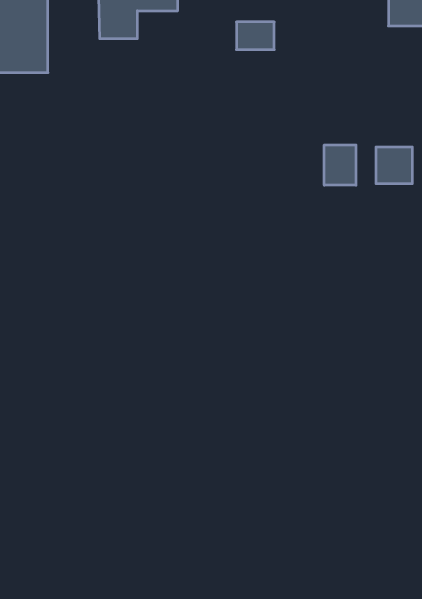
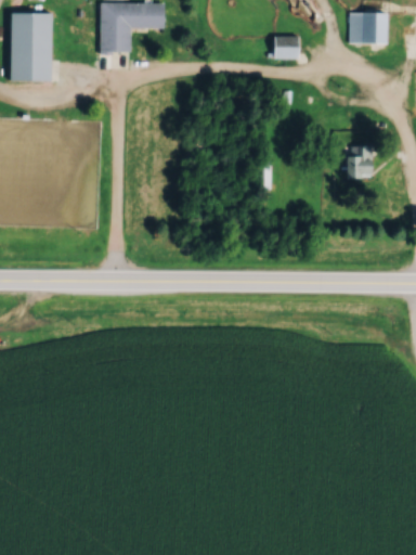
building: [236,22,274,50] -> [273,37,306,61]
building: [324,145,356,185] -> none

